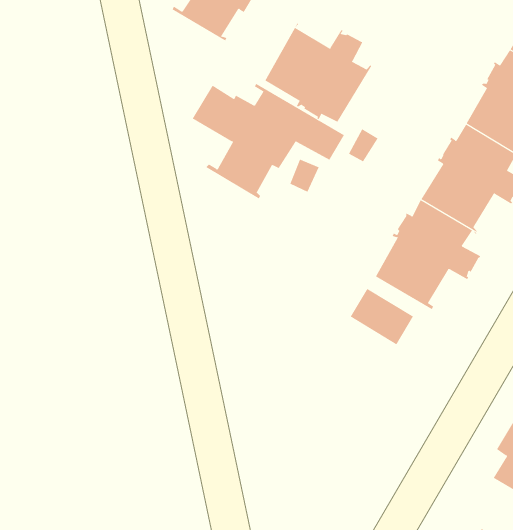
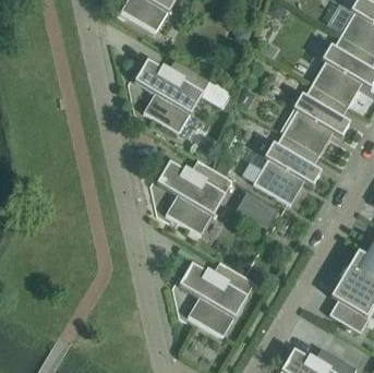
building: [265,23,372,123] -> none
building: none -> [157,158,232,234]
building: none -> [179,262,254,336]

